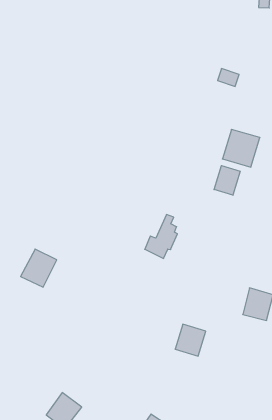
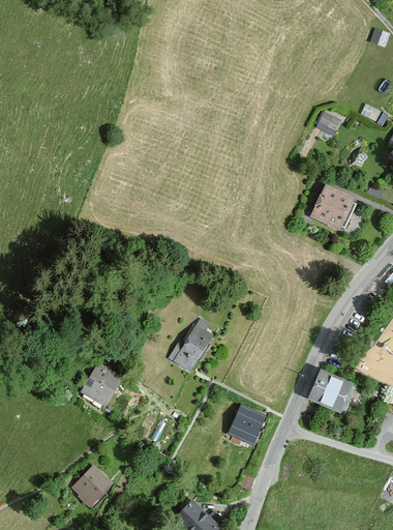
building: [214,166,240,195] -> none
building: [145,215,177,258] -> [171,319,211,370]
building: [21,249,57,287] -> [78,360,122,406]

